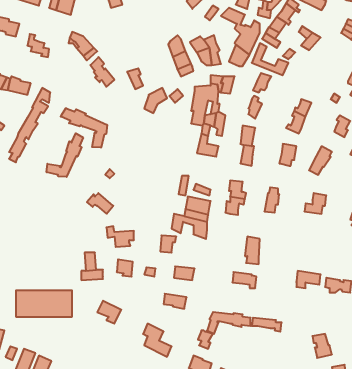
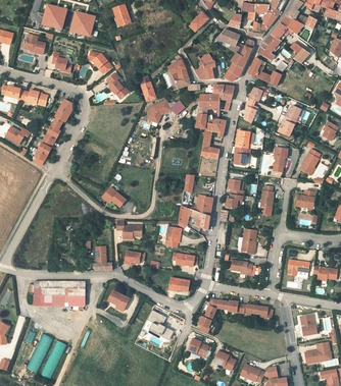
building: [61,108,107,148] -> none
building: [47,133,83,177] -> none

